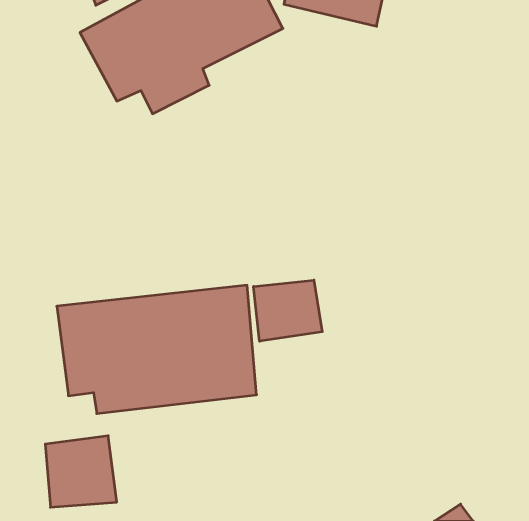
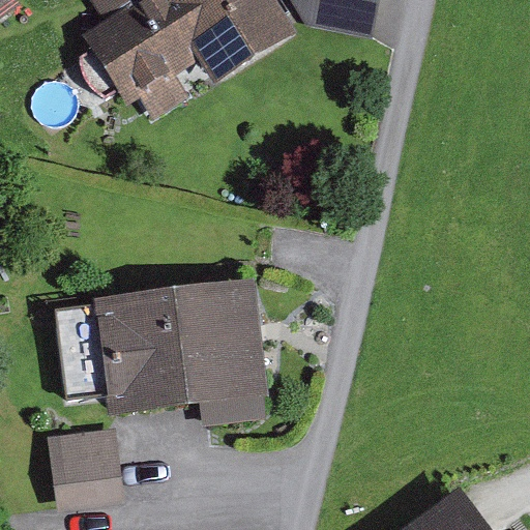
building: [254,280,322,341] -> none

